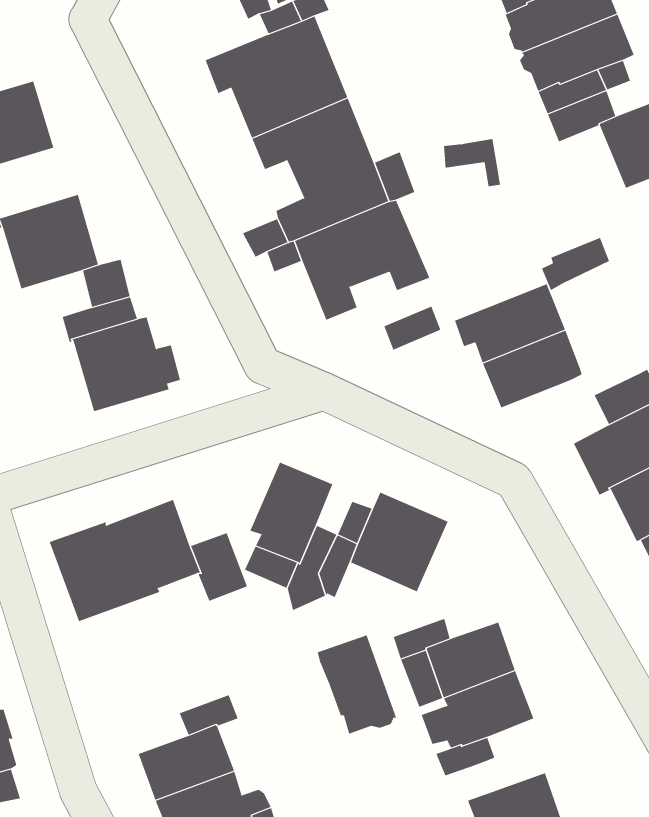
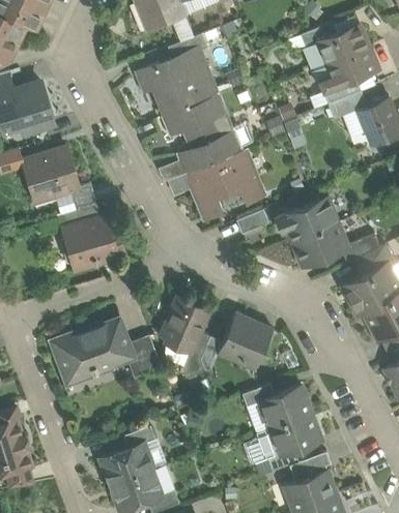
building: [541,237,610,291] -> [341,233,379,263]
building: [317,635,397,735] -> none
building: none -> [288,450,331,480]

